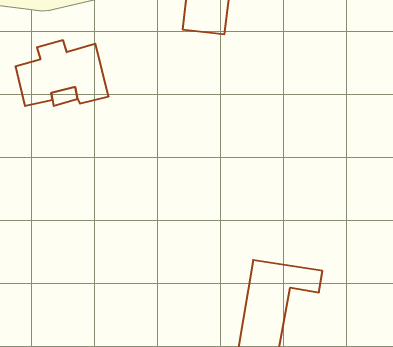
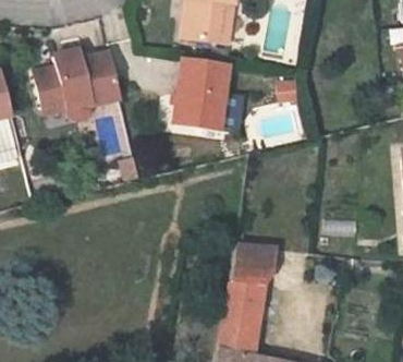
building: none -> [168,57,223,129]

